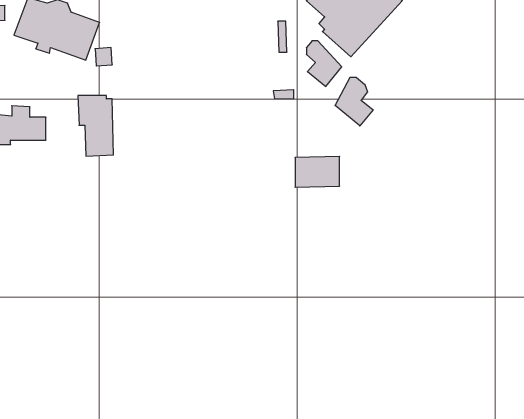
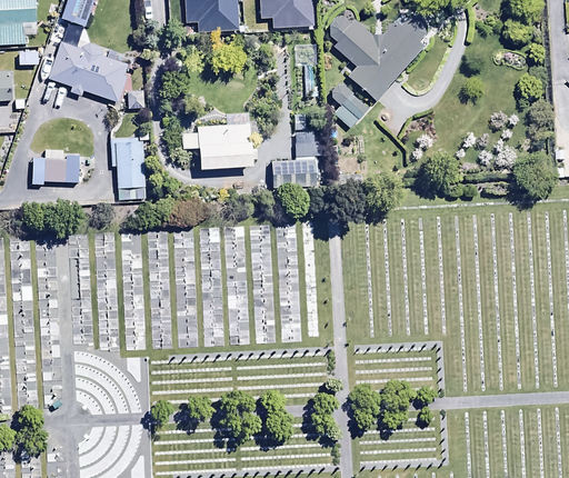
building: [335,77,373,126] -> none
building: none -> [182,123,257,169]
building: [295,156,340,187] -> [272,158,316,188]

